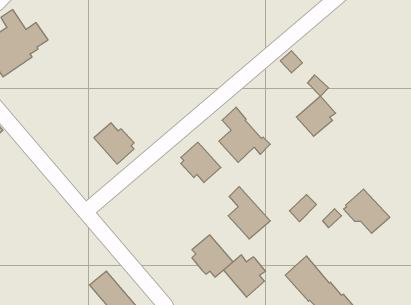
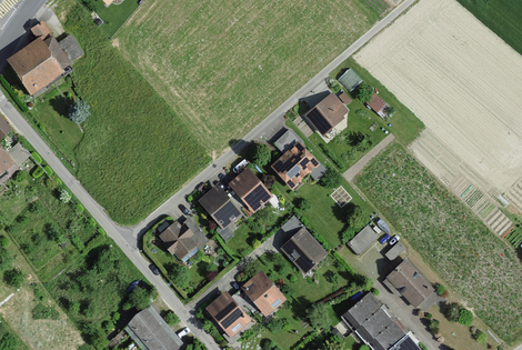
building: [296,96,336,136] -> [304,91,348,136]
building: [94,123,134,164] -> [198,183,242,229]
building: none -> [159,217,208,262]
building: [344,189,390,233] -> [383,258,434,307]
building: [223,255,266,297] -> [204,290,251,337]

